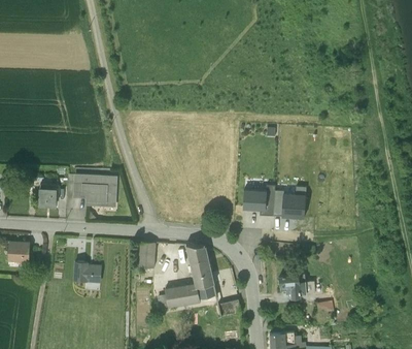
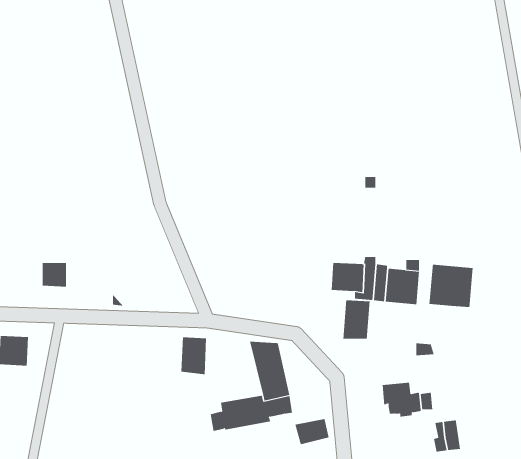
building: [72,173,116,207] -> none
building: none -> [429,264,473,308]
building: none -> [343,300,370,340]
building: [72,262,101,283] -> none

